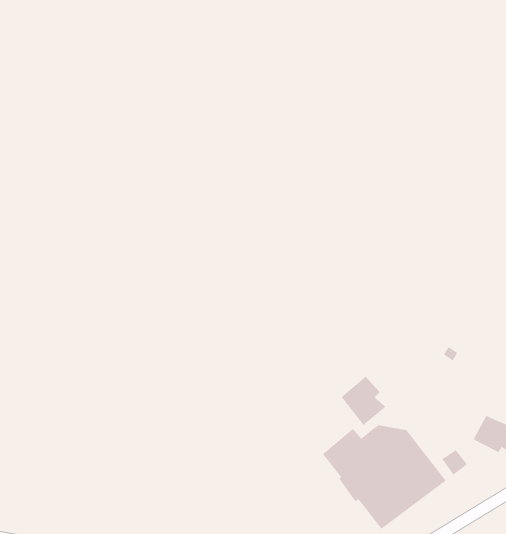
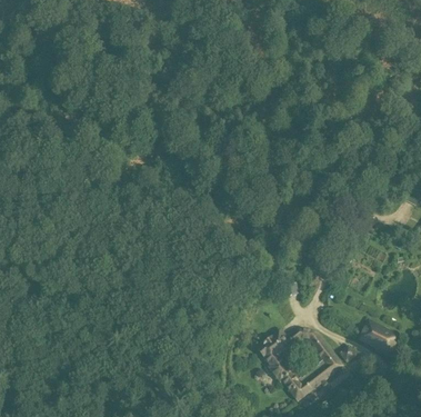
building: [341,376,386,426] -> none

